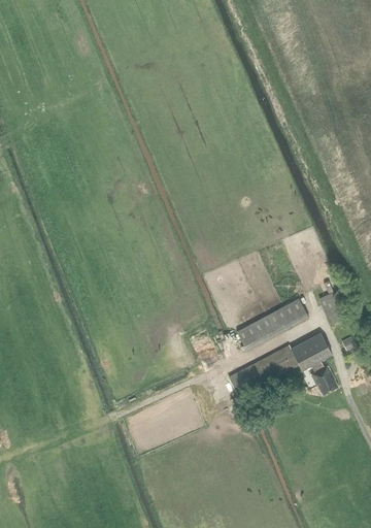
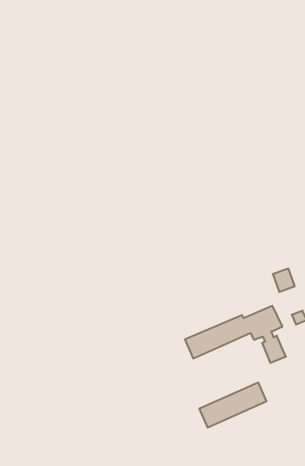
building: [237,298,309,351] -> [199,382,267,427]

